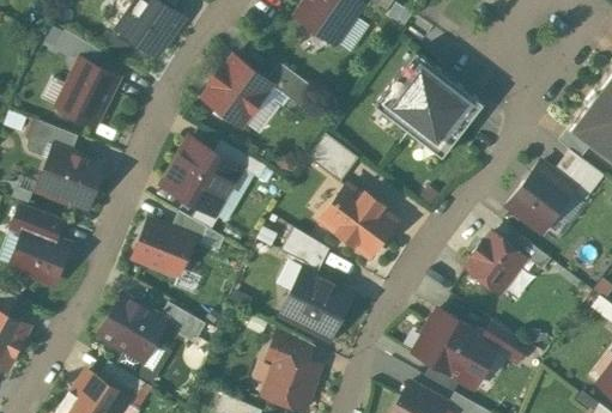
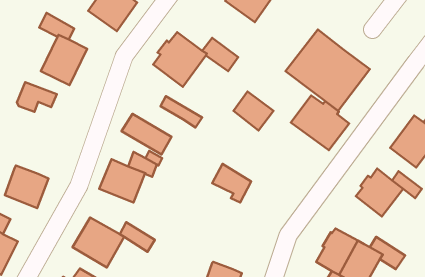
building: [176,140,241,193] -> none
building: [38,147,103,209] -> none
building: [320,187,395,257] -> [291,96,349,150]
building: [11,206,61,241] -> none
building: [281,272,351,339] -> none
building: [269,329,313,364] -> none

